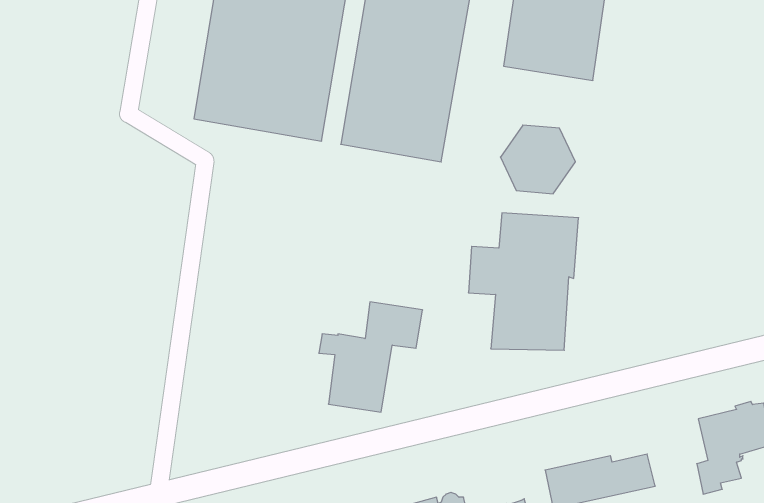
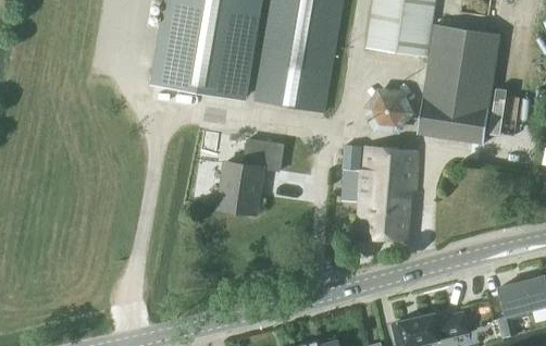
building: none -> [417,24,500,144]
building: [319,302,423,412] -> [212,139,283,214]

